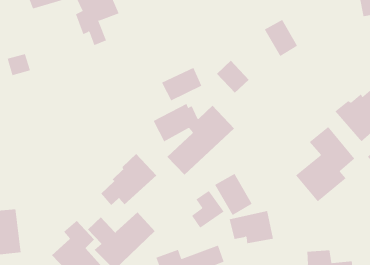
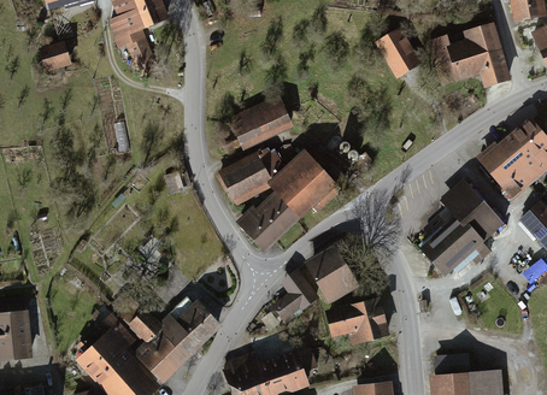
building: none -> [428,20,514,92]
building: [7,54,31,76] -> [39,41,72,72]
building: [216,60,250,94] -> none
building: [100,153,157,206] -> none

